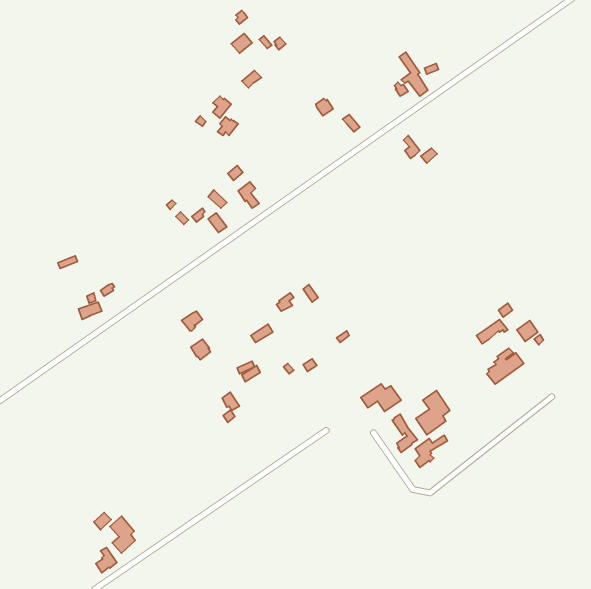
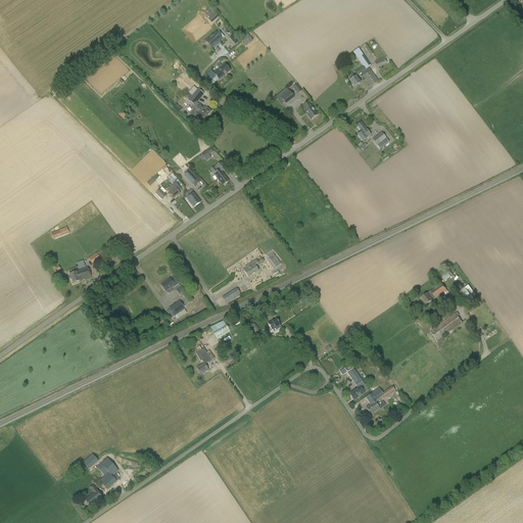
building: [361,384,401,411] -> none
building: [416,391,450,435] -> none

